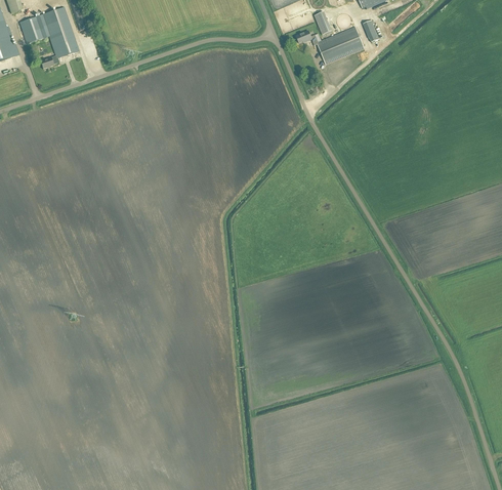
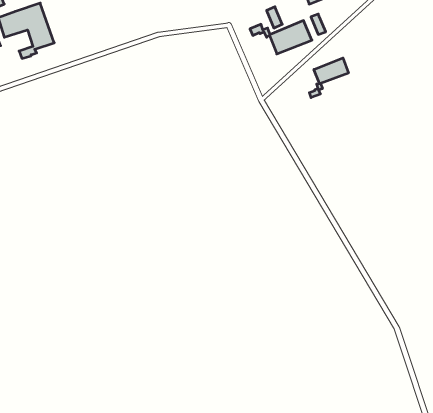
building: none -> [309,58,348,98]

